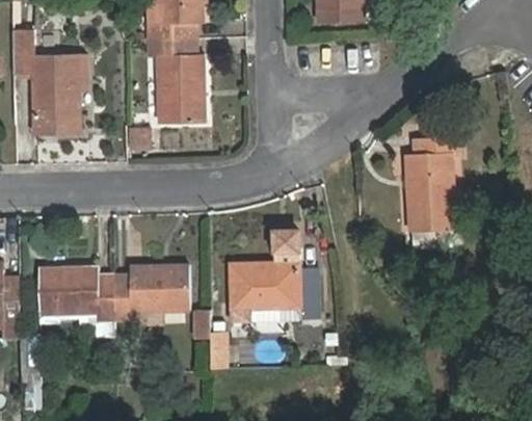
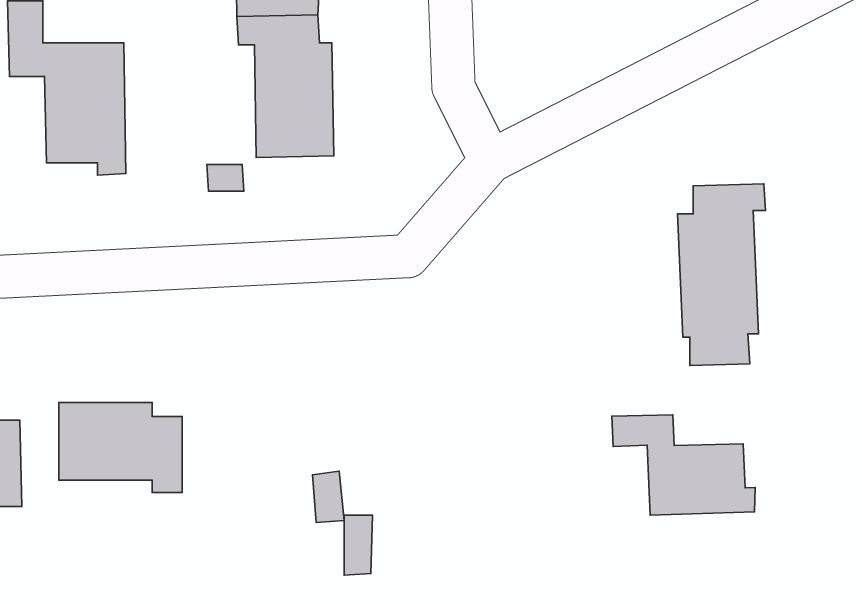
building: [230,231,318,319] -> none
building: [114,263,187,320] -> none
building: none -> [612,415,755,515]

